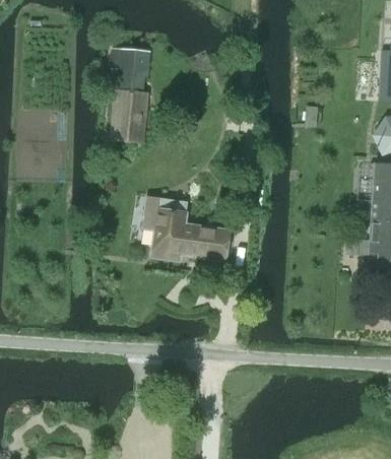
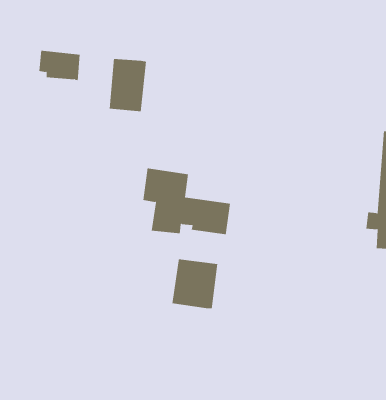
building: [109,48,149,77] -> [38,50,81,81]
building: none -> [172,258,218,309]

